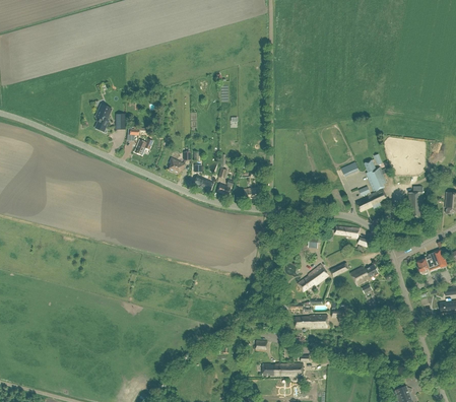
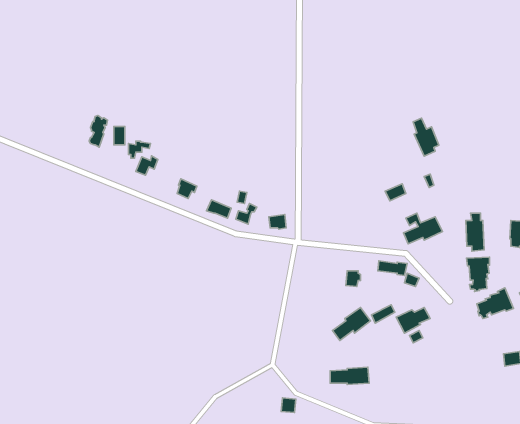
building: [365,159,386,191] -> [413,118,439,156]
building: none -> [466,257,490,291]

